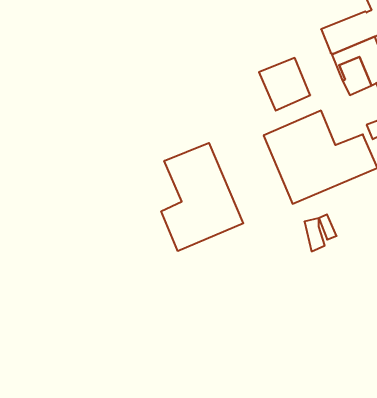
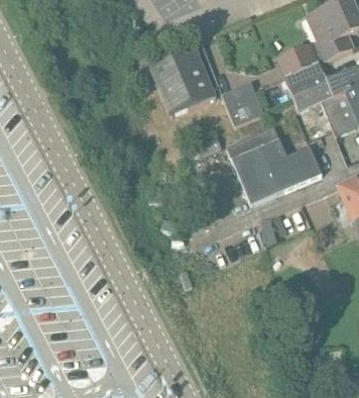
building: none -> [148,42,216,114]
building: [161,143,243,251] -> none

